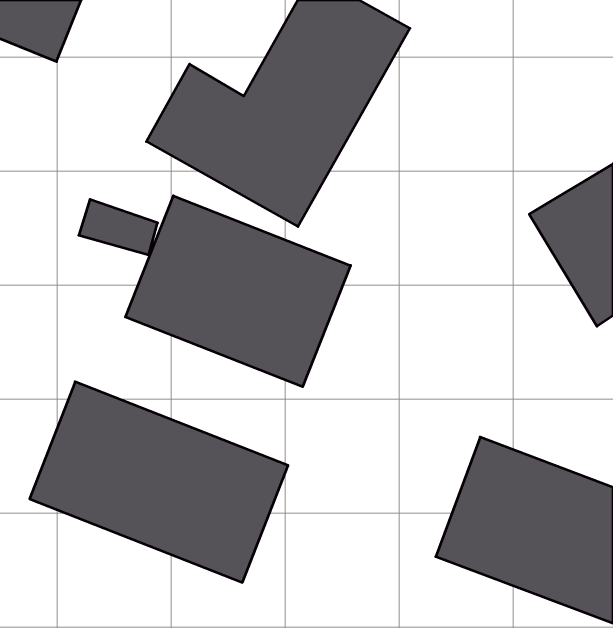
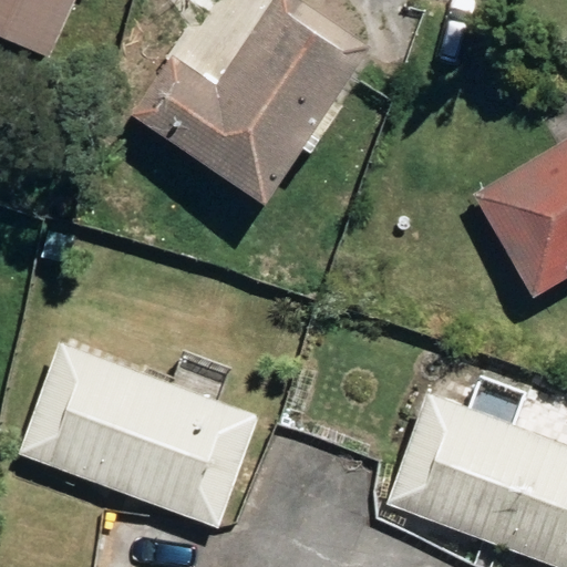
building: [125,196,351,387] -> none

